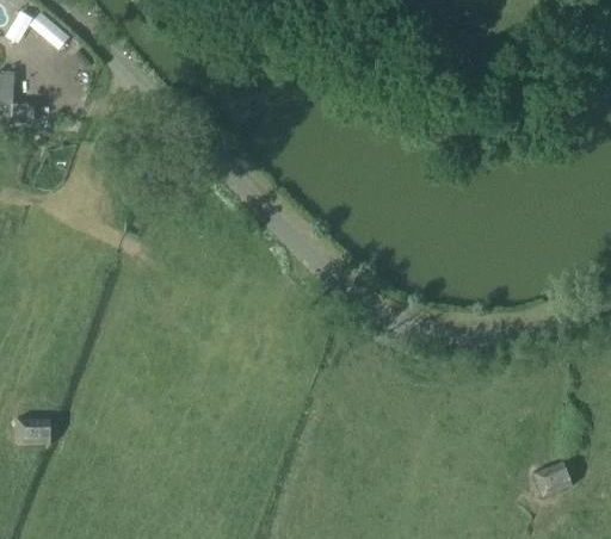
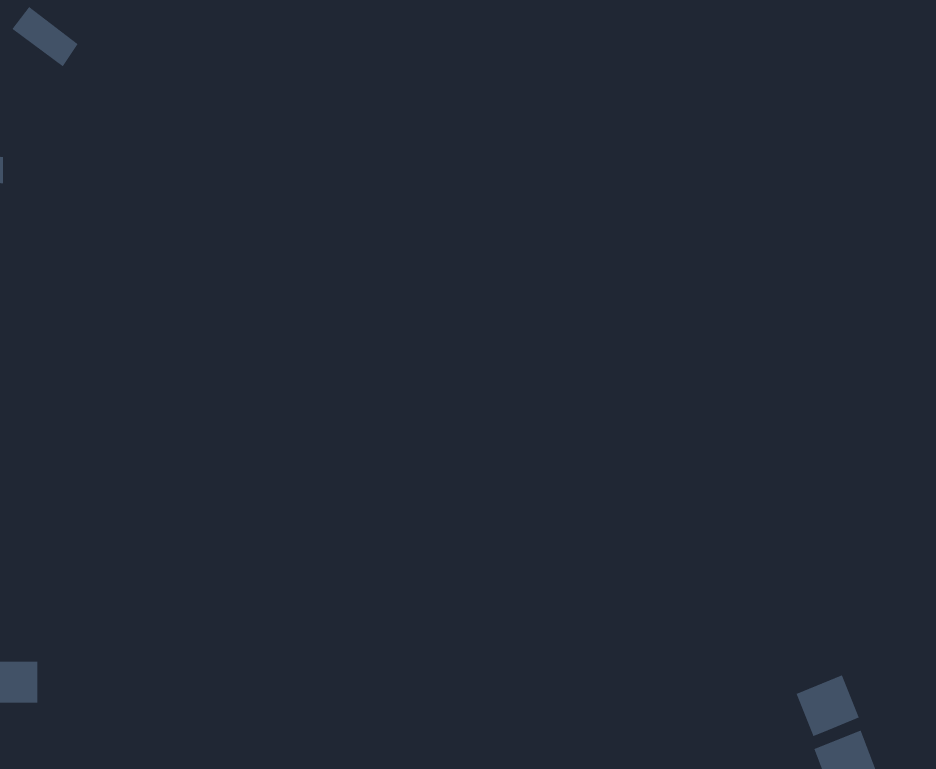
building: none -> [796,674,859,737]

